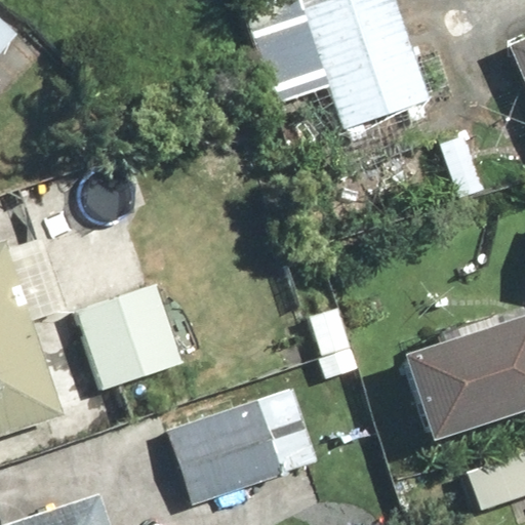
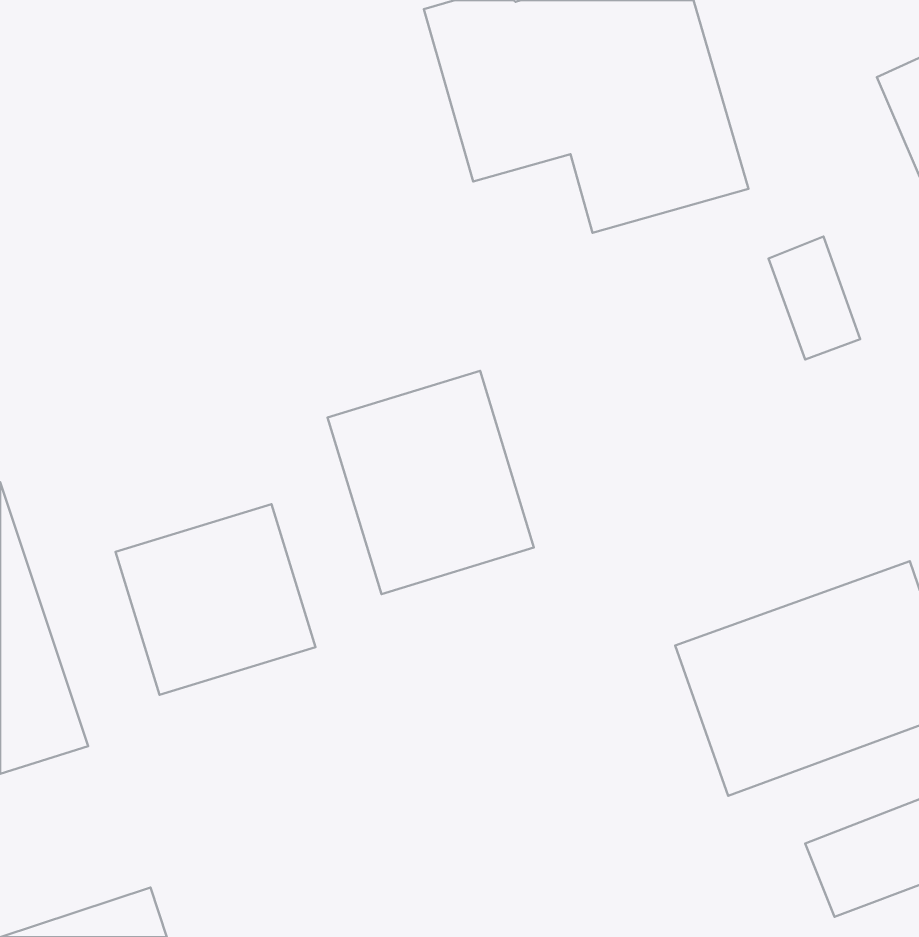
building: none -> [328,371,534,594]
building: [167,390,318,504] -> none

